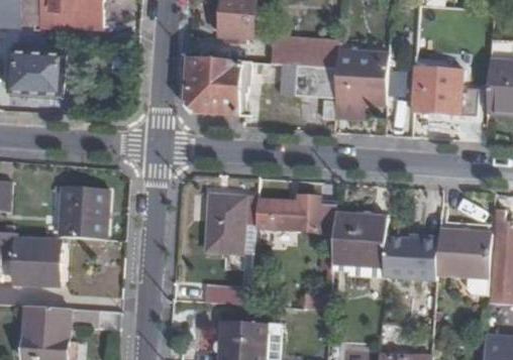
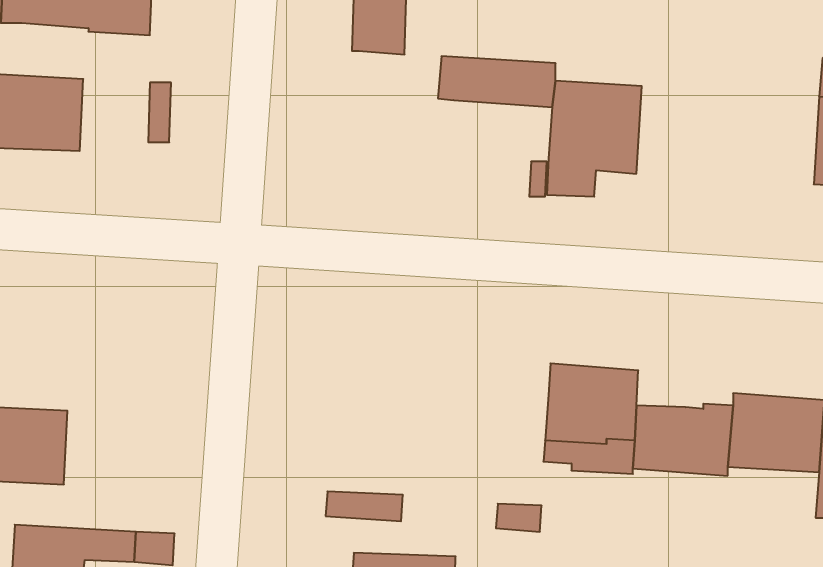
building: [186,56,239,112] -> none
building: [277,63,335,96] -> none
building: [414,69,474,112] -> none
building: [58,186,105,239] -> none
building: [205,195,255,252] -> none
building: [268,195,335,232] -> none

